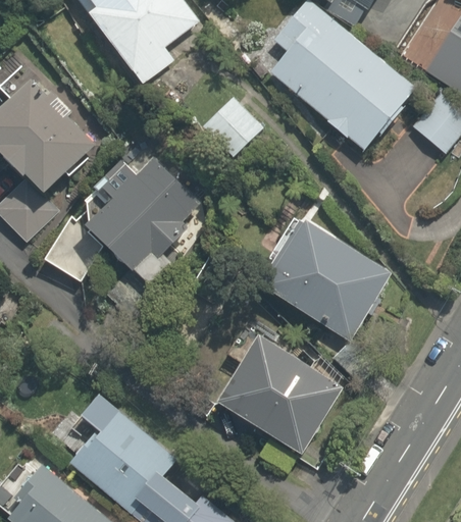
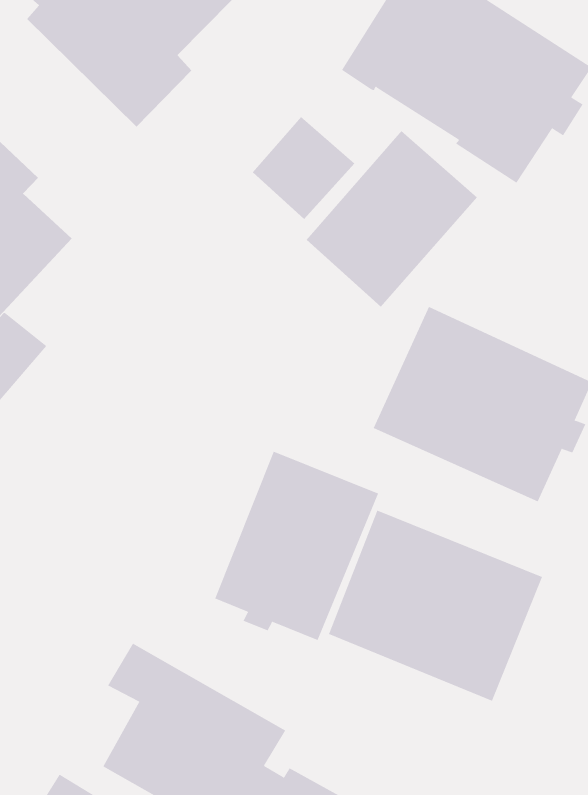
building: none -> [306,130,478,308]
building: [41,145,205,286] -> none
building: none -> [214,451,379,641]

